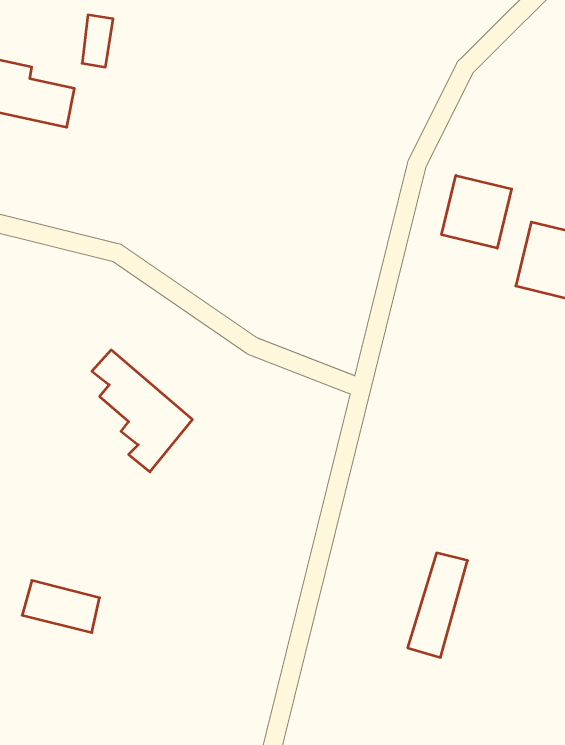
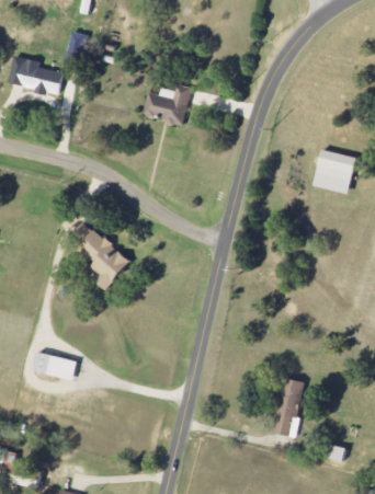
building: none -> [143,84,193,126]
building: [442,175,512,248] -> none
building: [408,553,468,657] -> [271,378,305,437]

